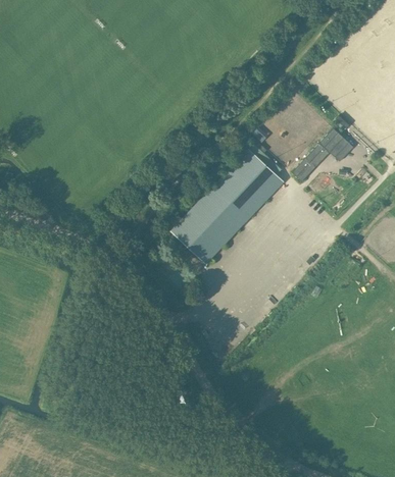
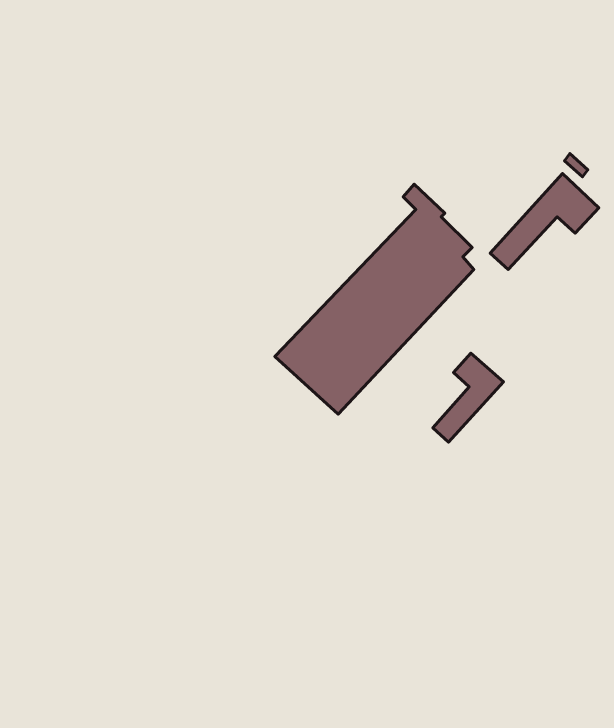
building: none -> [433,353,504,442]

